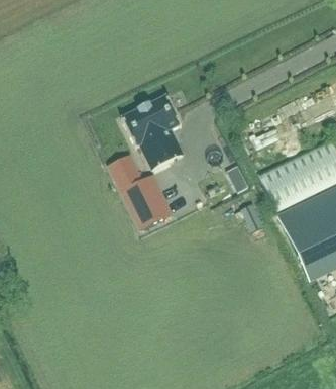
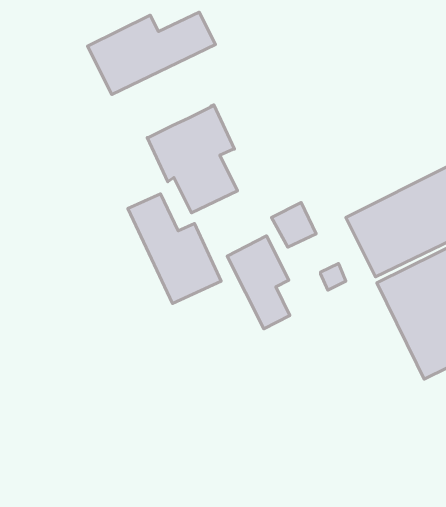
building: none -> [87,12,215,95]
building: none -> [227,236,290,329]

